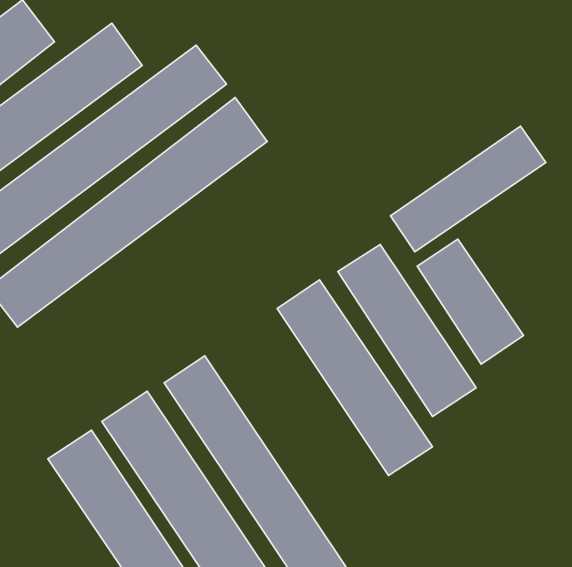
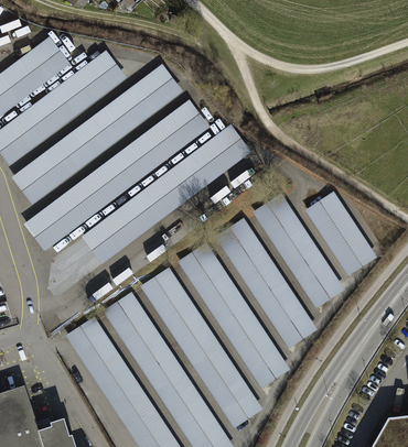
building: [391,126,546,252] -> none
building: none -> [82,126,249,264]
building: none -> [176,241,292,390]

